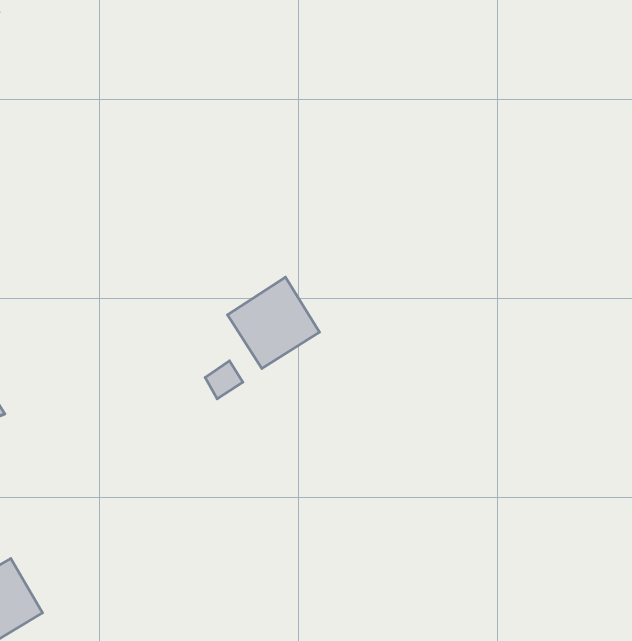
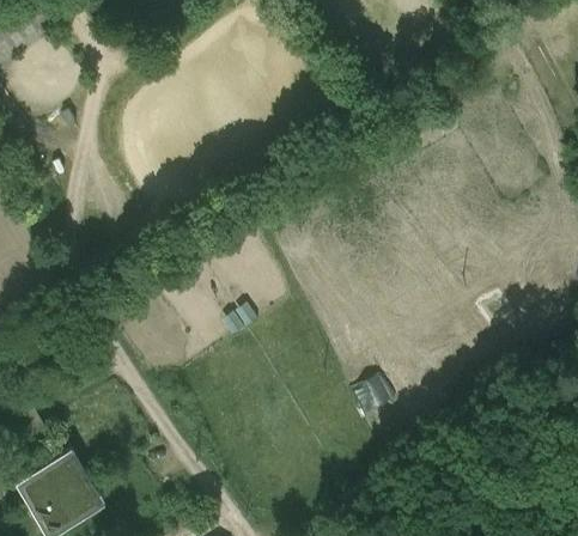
building: [227,277,319,368] -> none

